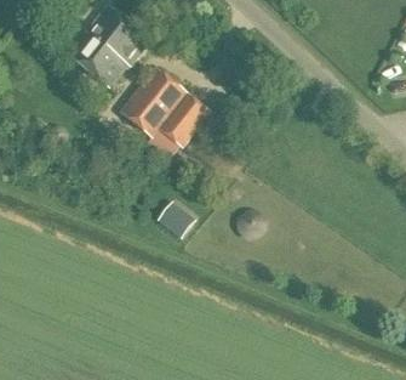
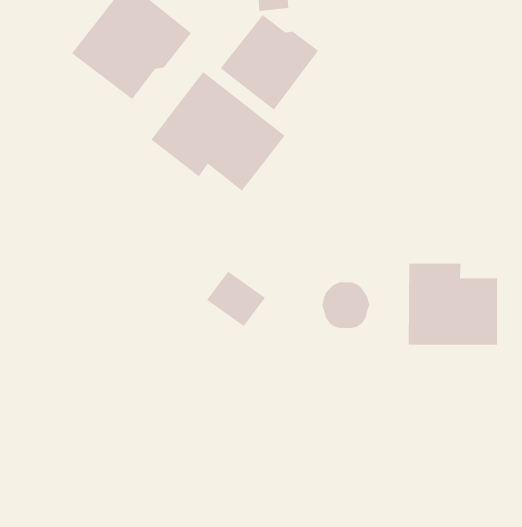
building: none -> [220,14,319,111]
building: none -> [408,263,497,345]

